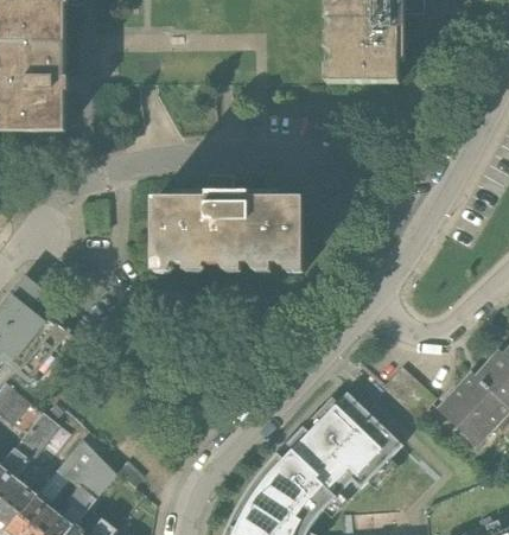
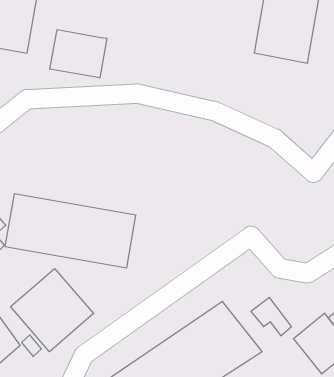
building: none -> [50,30,107,78]
building: [152,199,300,263] -> [5,194,136,268]
building: none -> [11,269,94,352]

